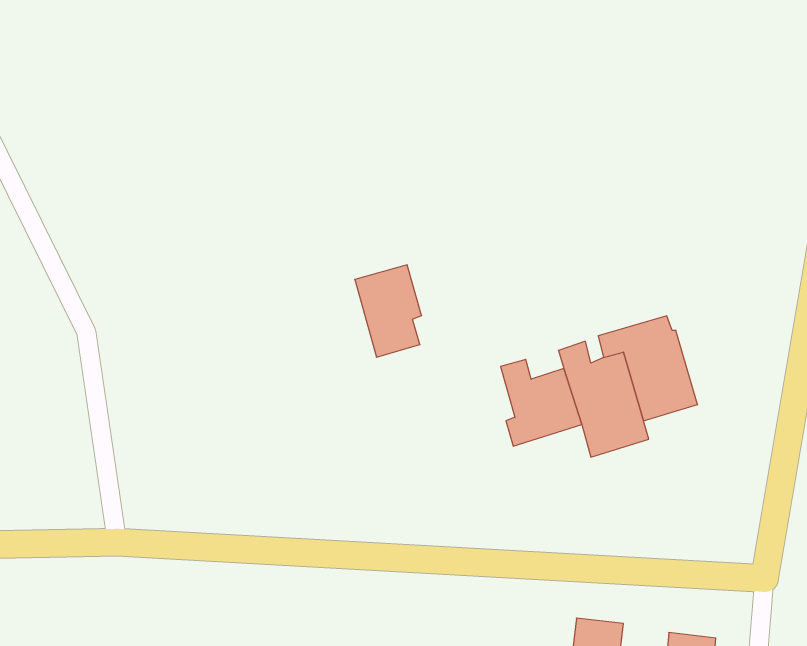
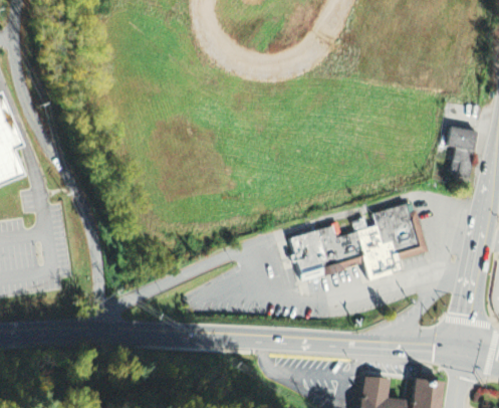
building: none -> [447,126,478,176]
building: [355,265,422,357] -> [289,230,326,281]

